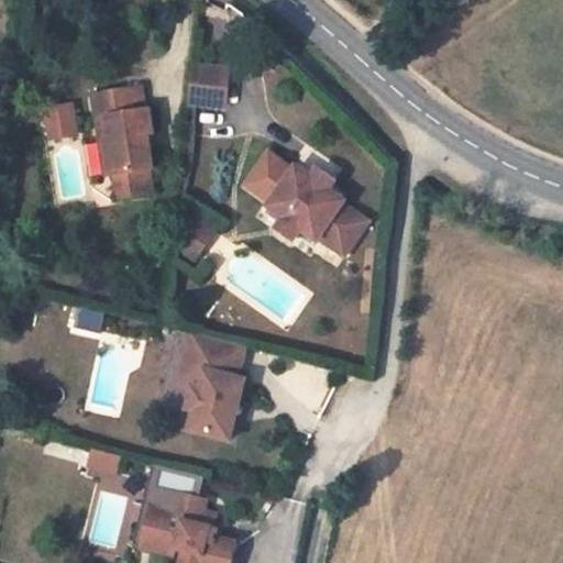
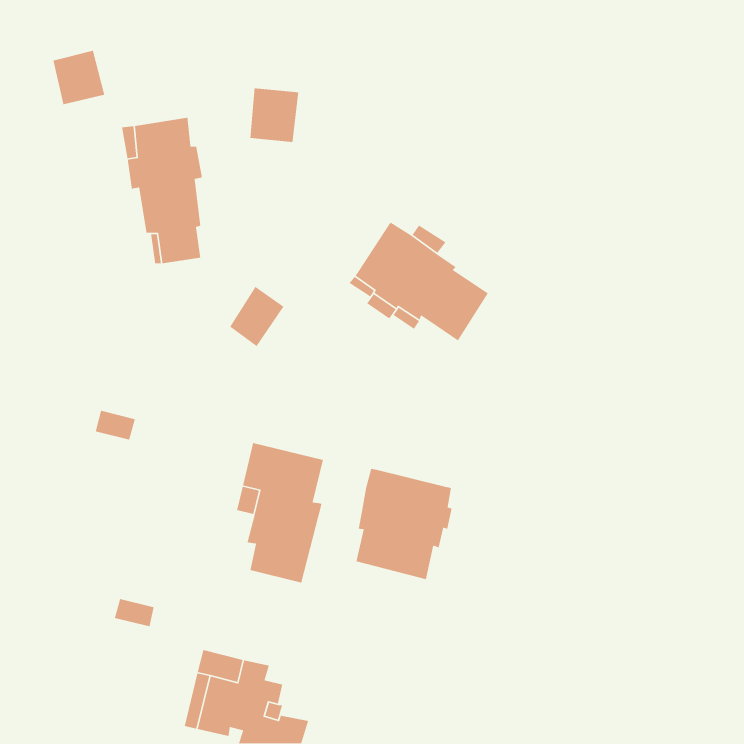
building: [41,98,80,140] -> [53,50,105,105]
building: [244,152,292,205] -> none
building: none -> [355,468,452,580]

